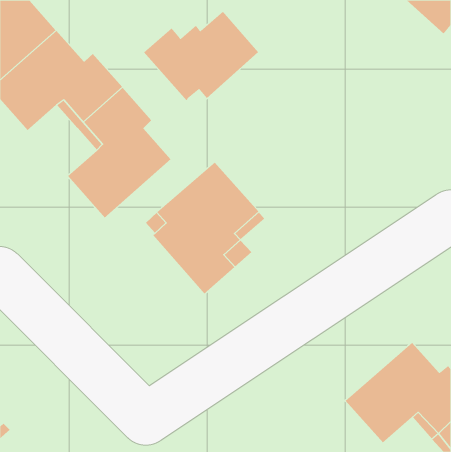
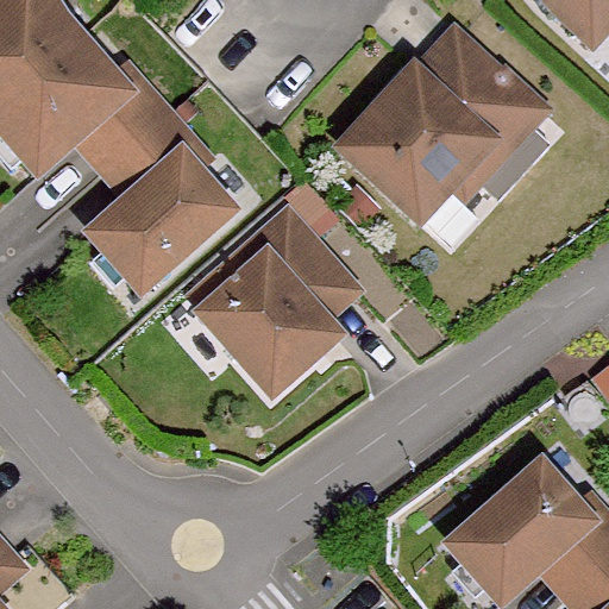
building: [143,11,259,101] -> none
building: none -> [344,30,547,225]

